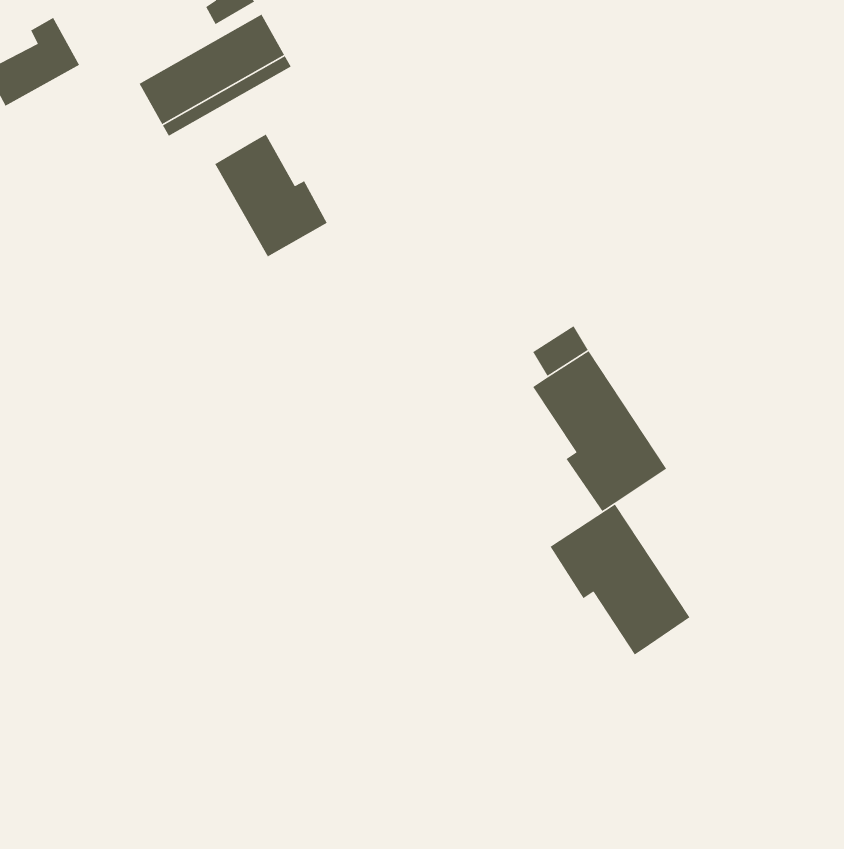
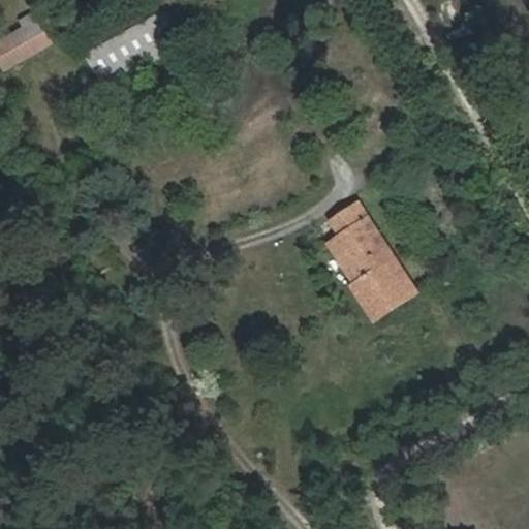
building: [214,134,328,257] -> none
building: [550,504,691,655] -> none

